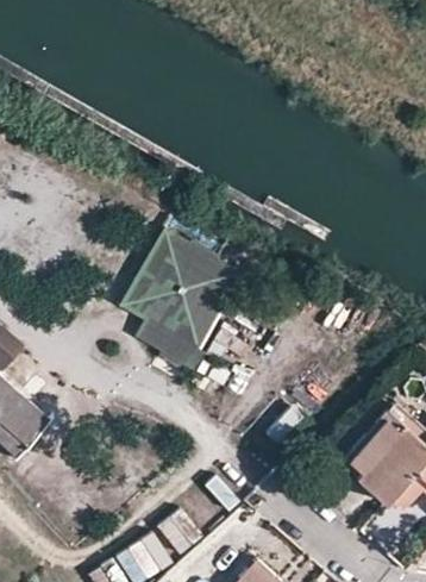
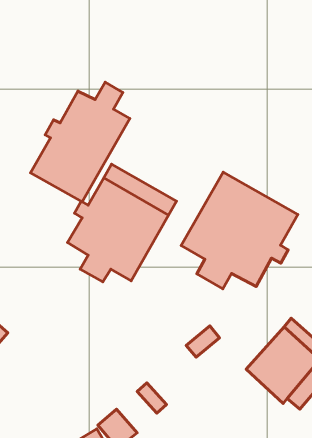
building: none -> [31,82,130,202]
building: none -> [181,172,298,289]

